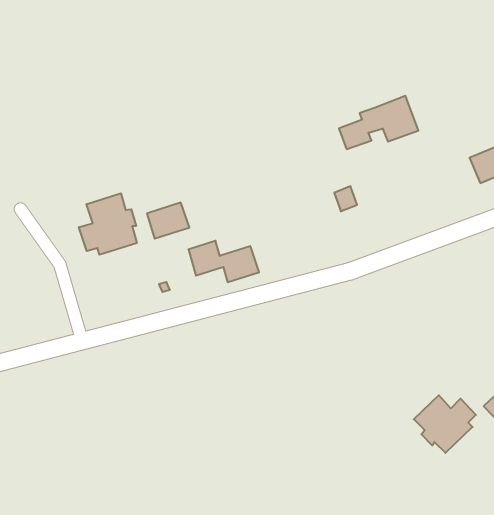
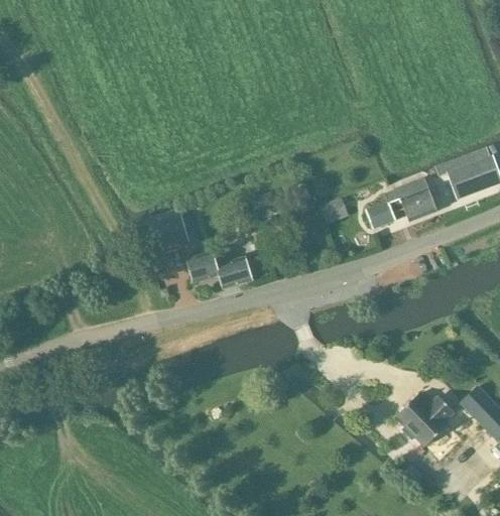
building: [339,96,418,149] -> [365,177,439,227]
building: [79,193,137,255] -> none

